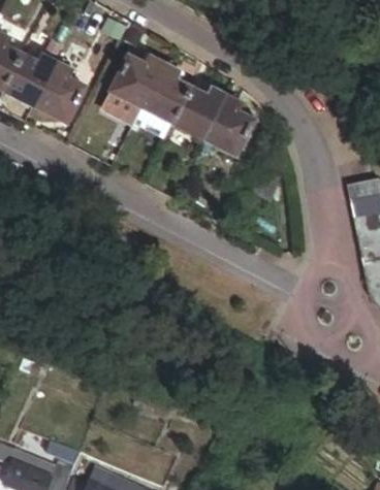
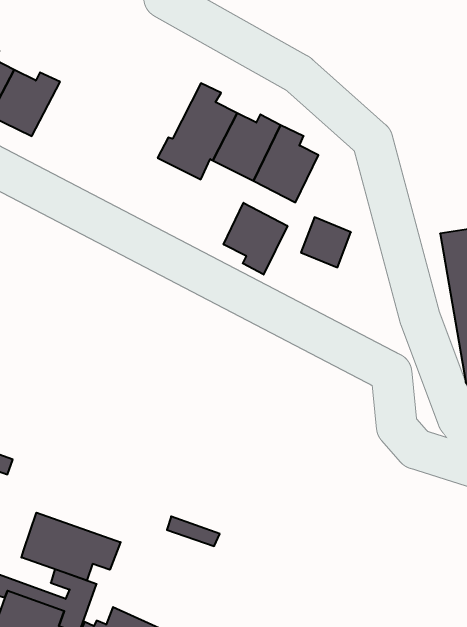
building: [114,59,165,109] -> none
building: [36,66,86,124] -> none
building: none -> [224,203,287,275]
building: none -> [21,513,121,580]

